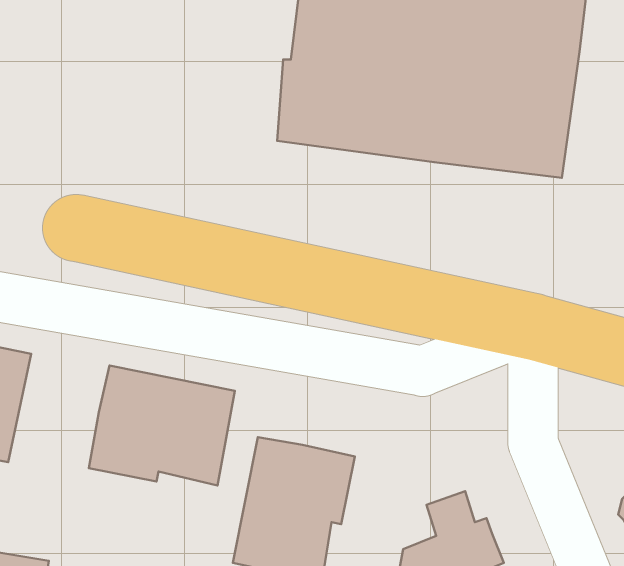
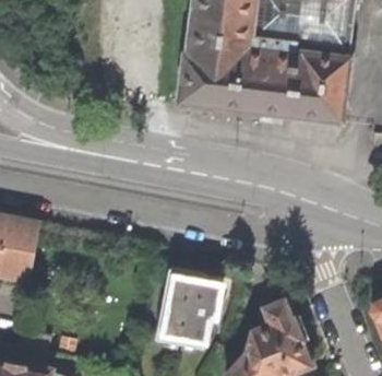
building: [89,366,235,486] -> none

